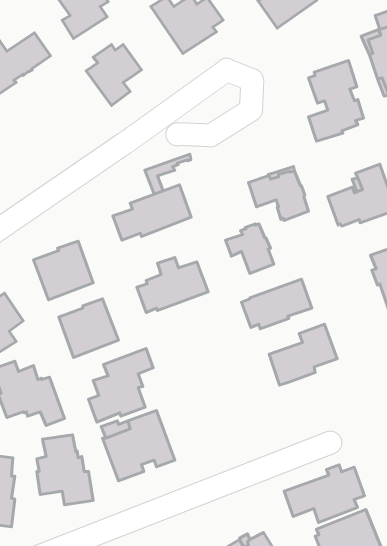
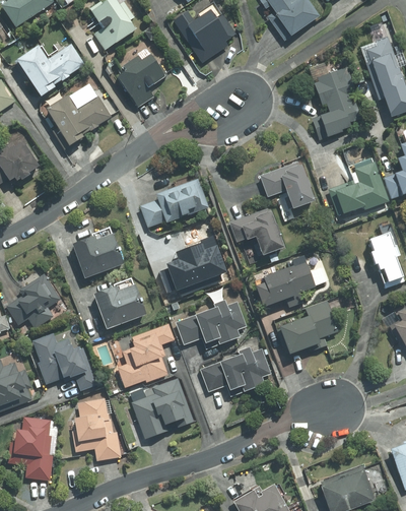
building: none -> [45,95,112,150]
building: [145,154,191,194] -> [228,207,269,243]
building: none -> [176,299,247,348]
building: [284,465,365,522] -> [201,345,272,396]

